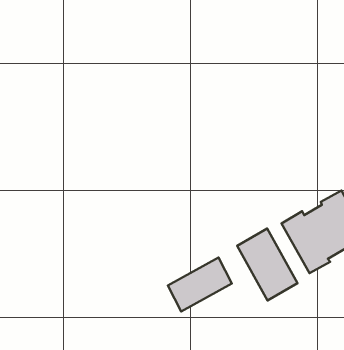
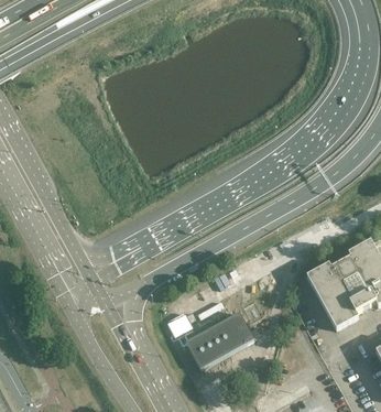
building: [237,228,297,301] -> none

